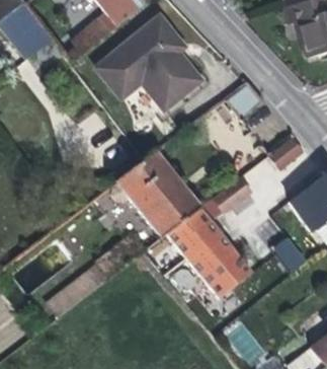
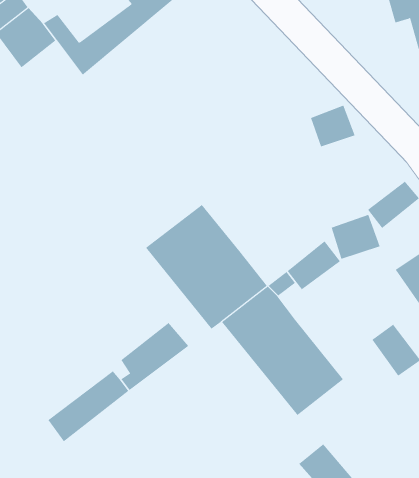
building: [97,17,199,108] -> none

